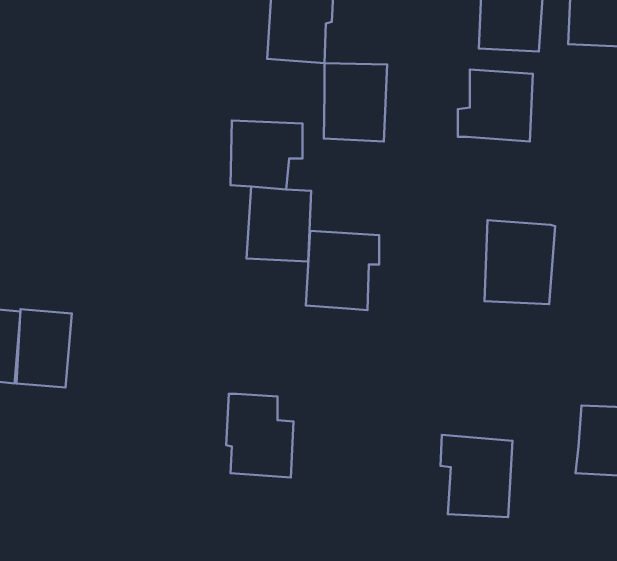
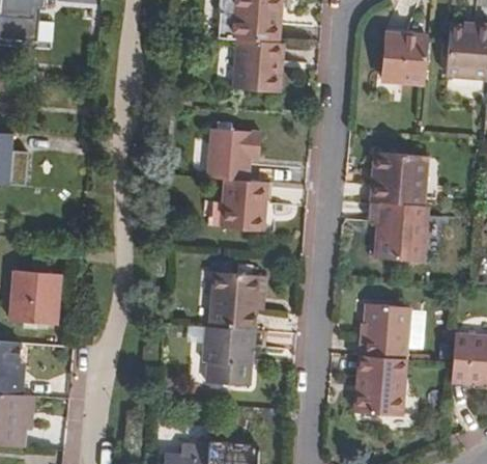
building: [324,63,387,141] -> none
building: [458,69,533,141] -> [382,156,435,207]
building: [306,231,379,310] -> [211,273,263,329]
building: [17,309,72,388] -> none
building: none -> [356,304,409,359]

